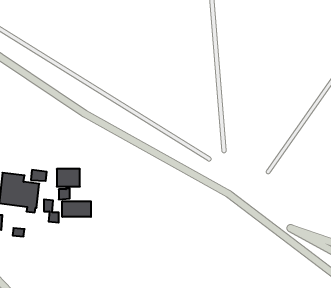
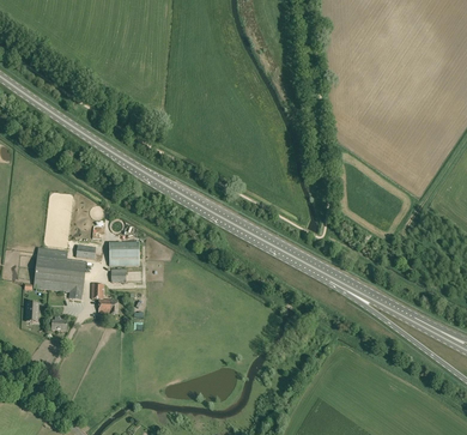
building: [62,201,91,217] -> none

